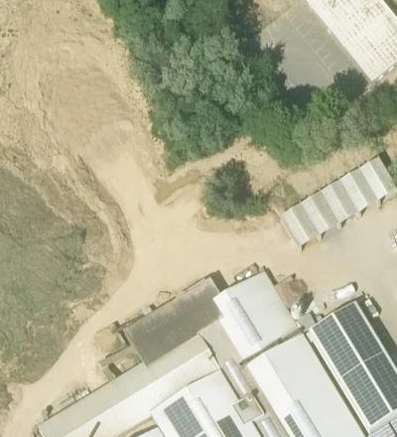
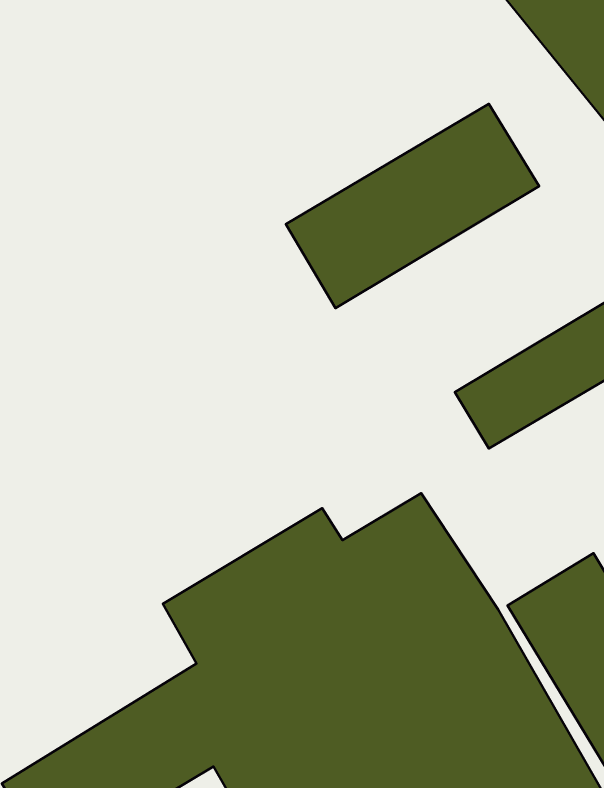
building: none -> [286,104,539,308]

